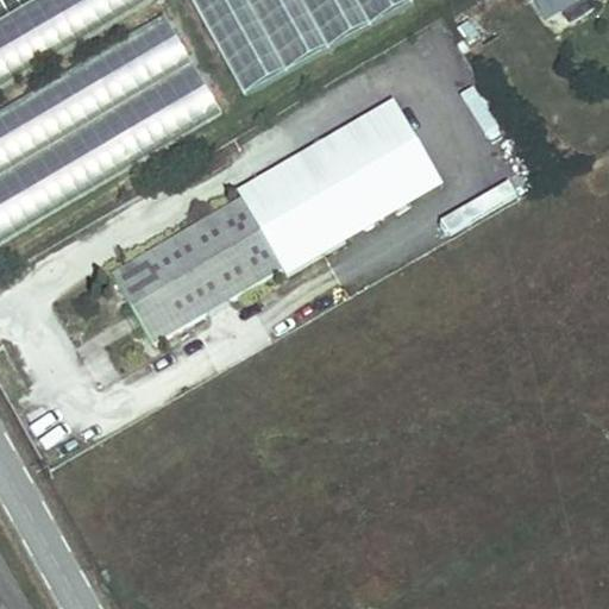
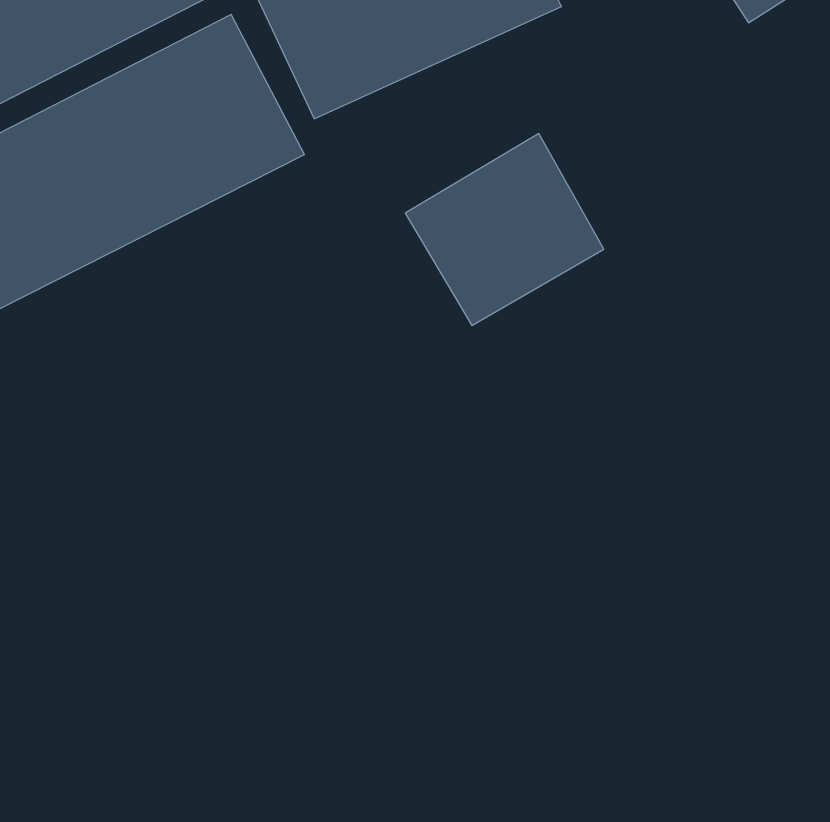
building: [112,156,345,341] -> none

